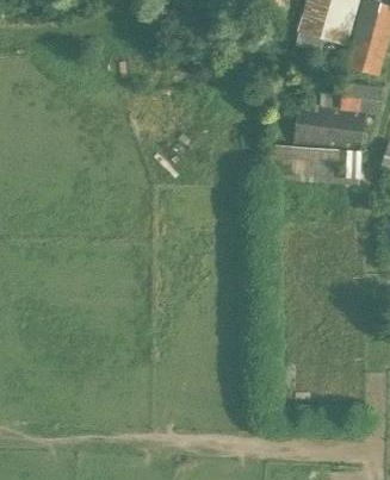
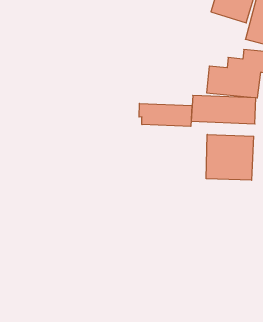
building: none -> [139,103,192,126]
building: none -> [206,134,254,180]

